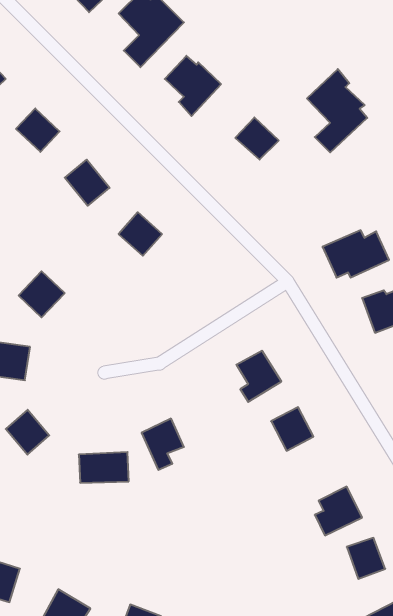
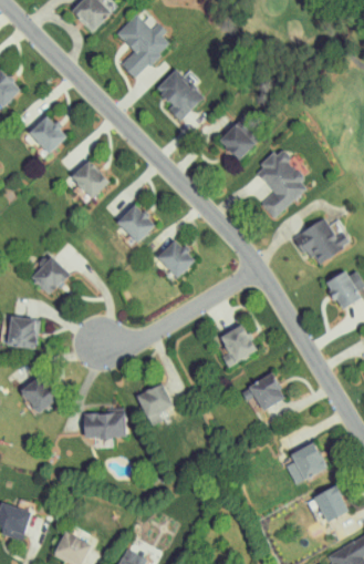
building: [307,69,367,152] -> [254,146,306,218]
building: none -> [156,239,194,277]

